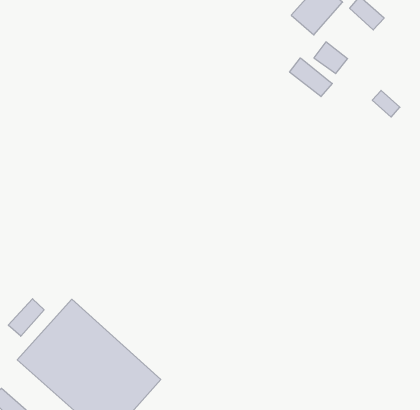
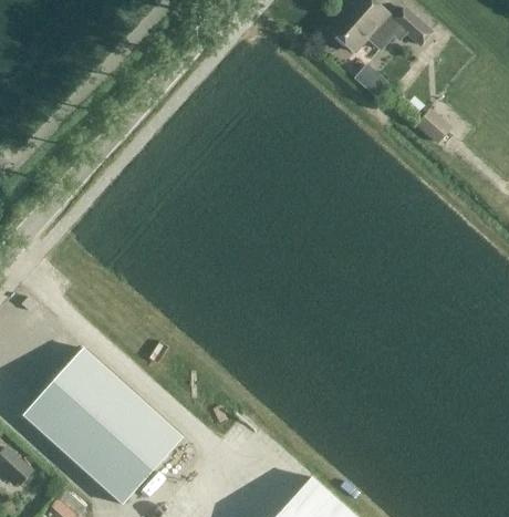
building: [290,58,332,97] -> none
building: [8,299,44,336] -> none

